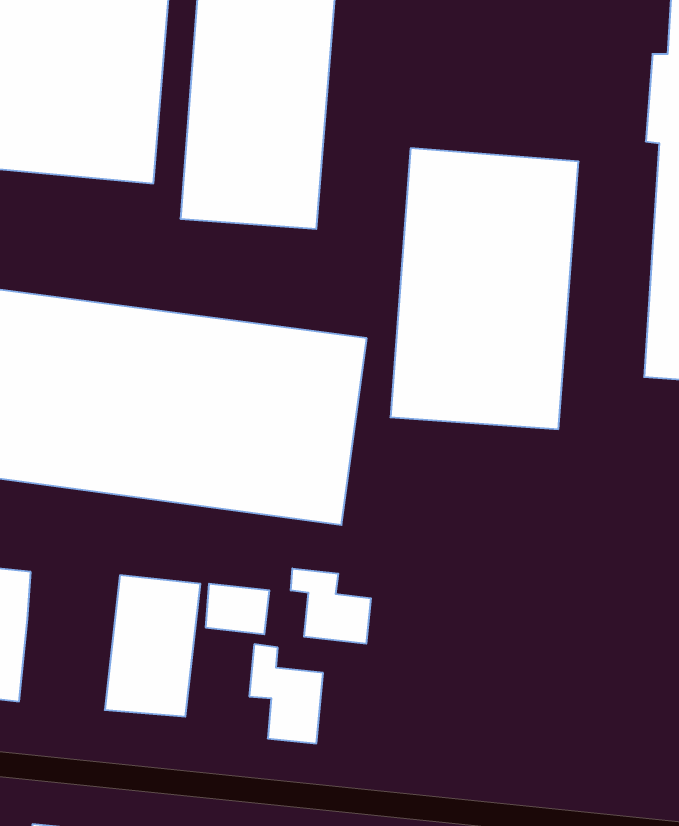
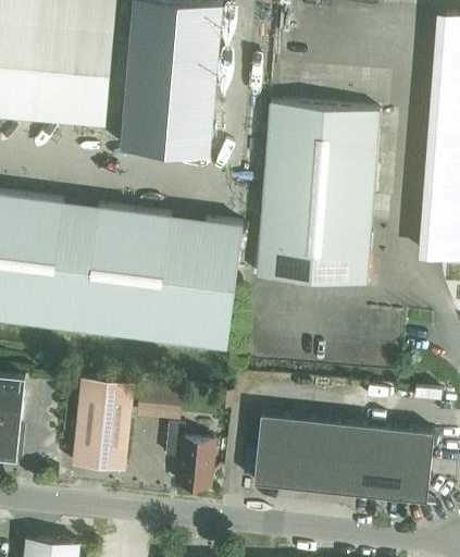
building: [291,568,371,644] -> none
building: none -> [253,417,433,504]

